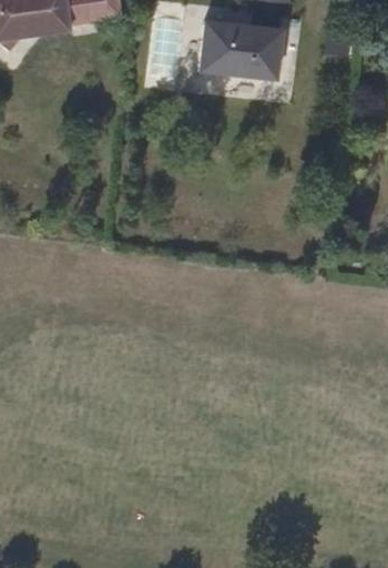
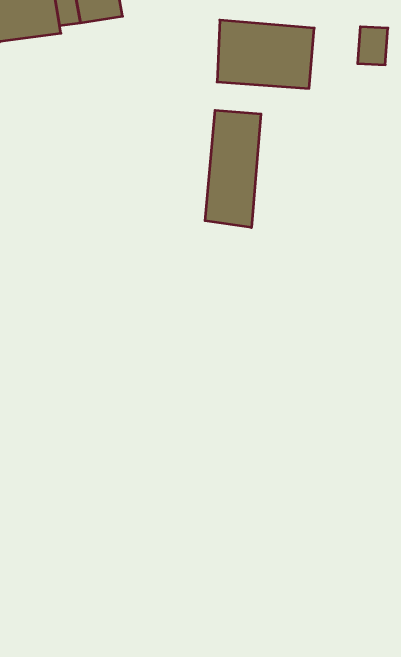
building: none -> [205,110,261,228]

